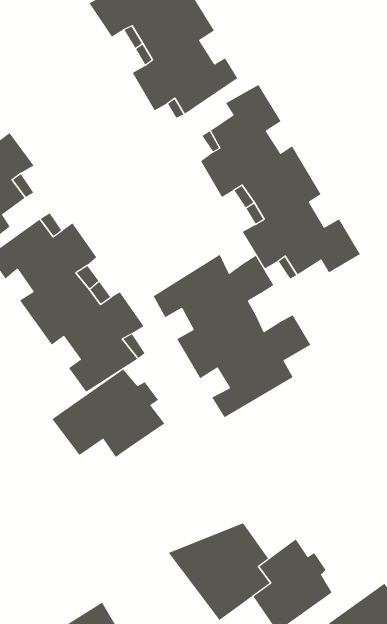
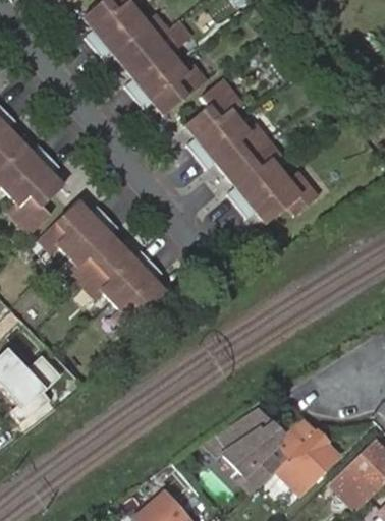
building: [153,254,311,418] -> none
building: [52,368,165,458] -> none

